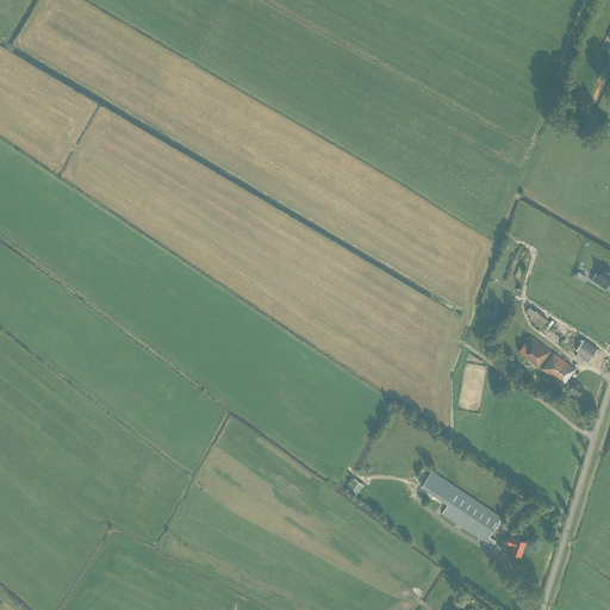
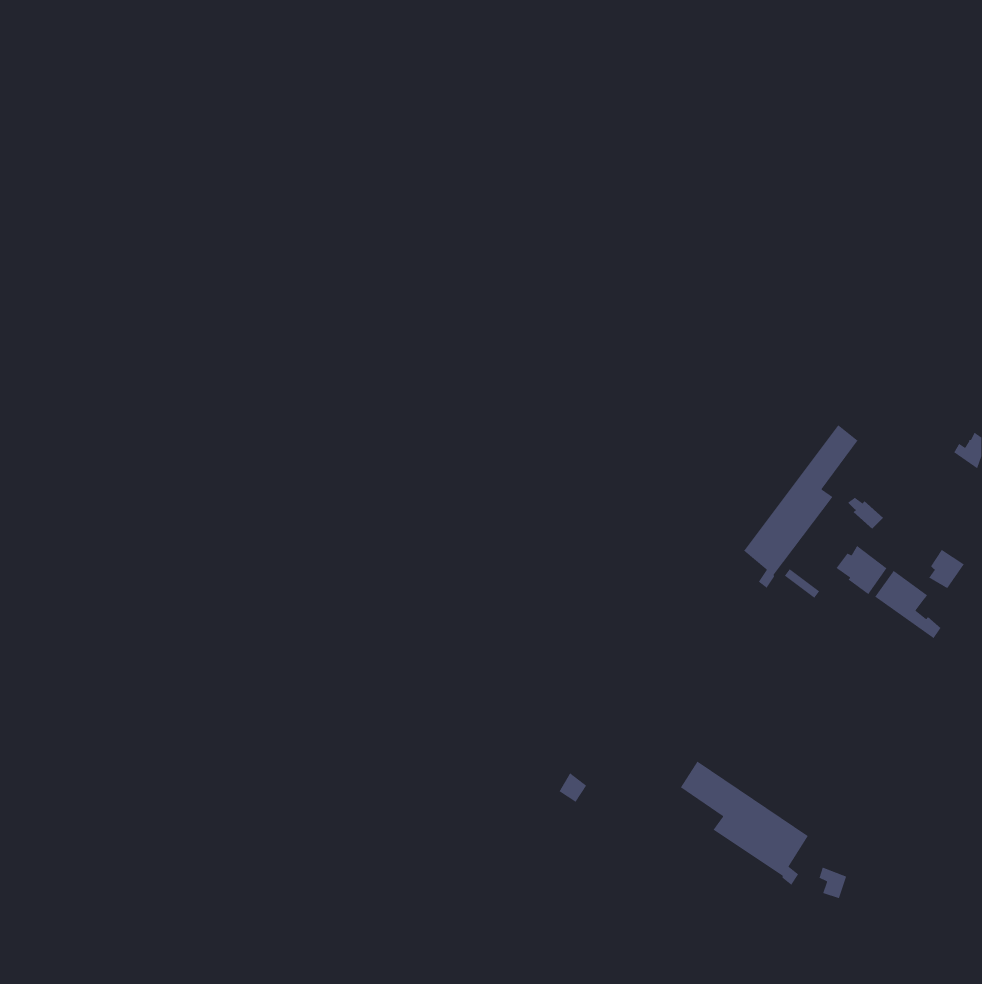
building: none -> [743,424,858,589]

